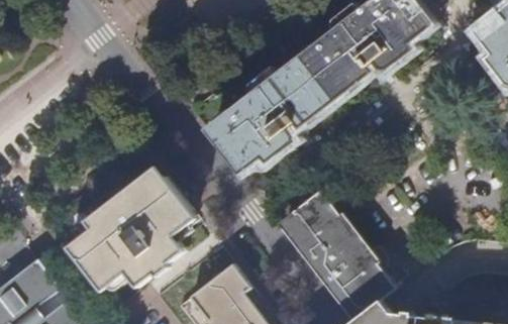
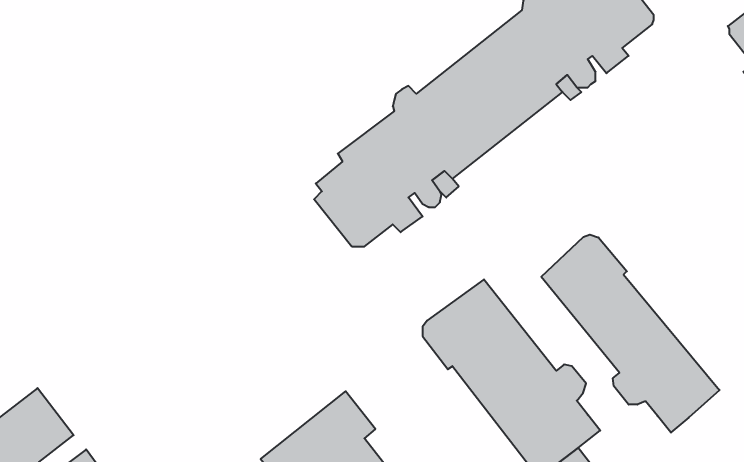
building: none -> [541,235,720,433]
building: [66,166,196,291] -> none

